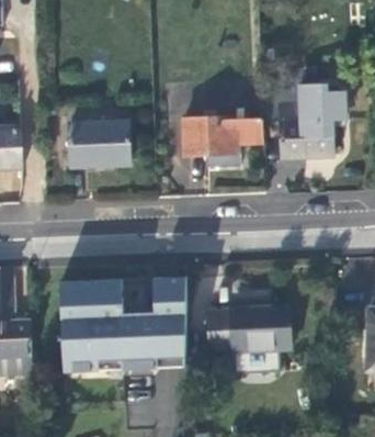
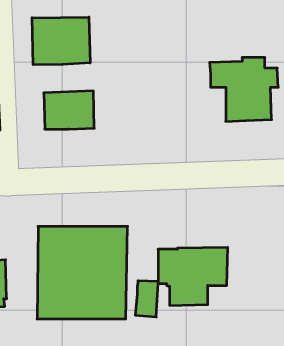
building: none -> [32,17,90,65]
building: [188,120,266,157] -> none

